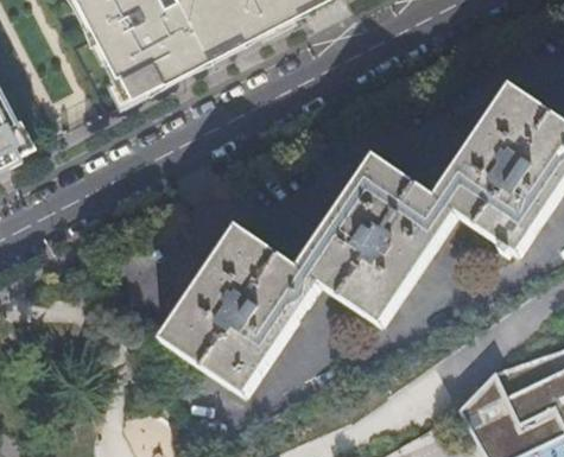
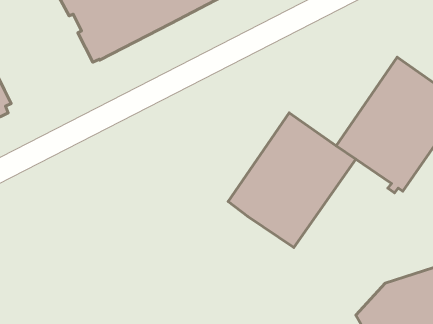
building: [160,229,322,400] -> none

